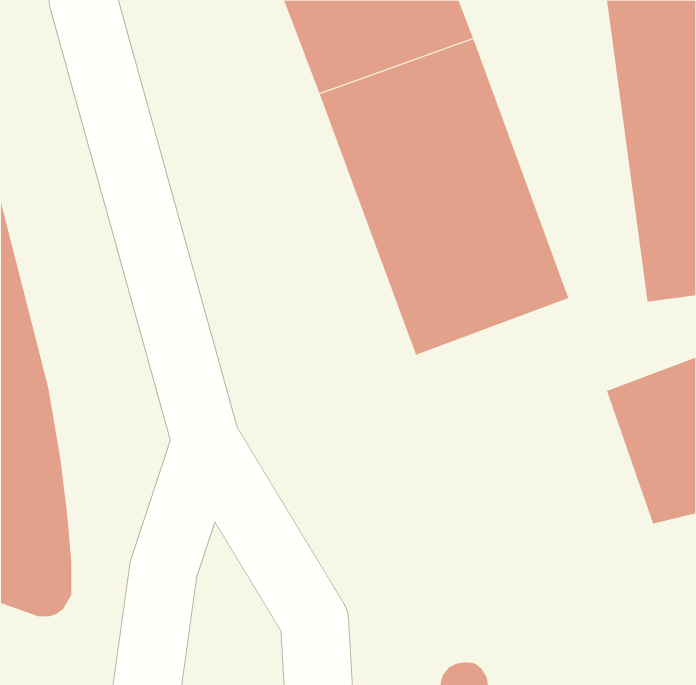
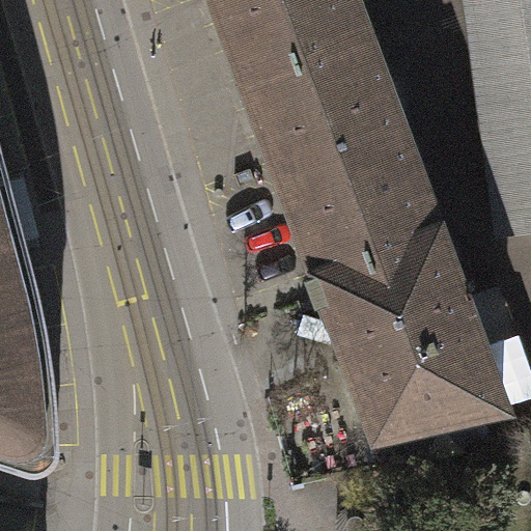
building: none -> [306,235,497,435]

